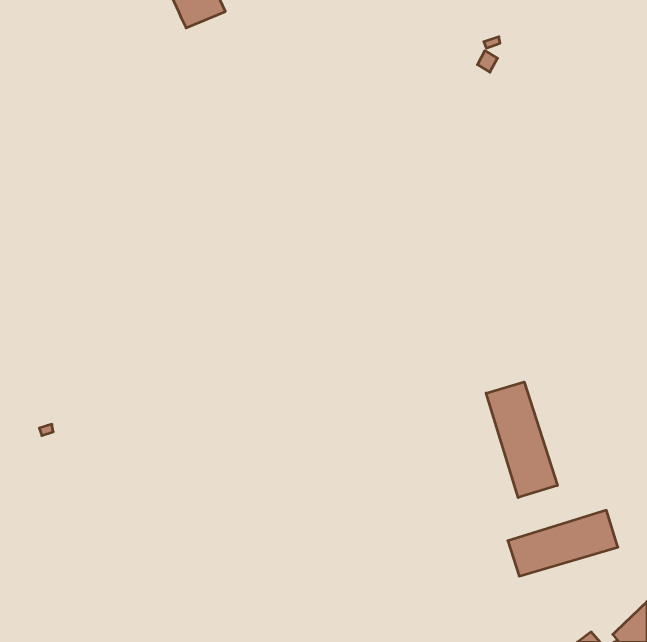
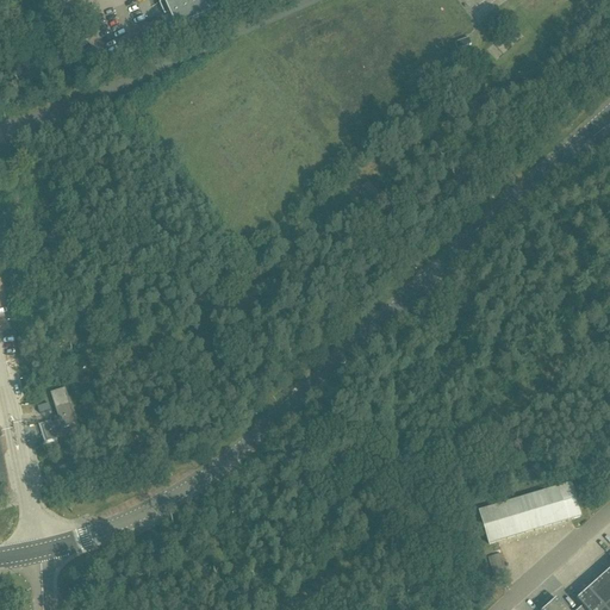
building: [486,382,557,498] -> none
building: none -> [42,385,79,438]

